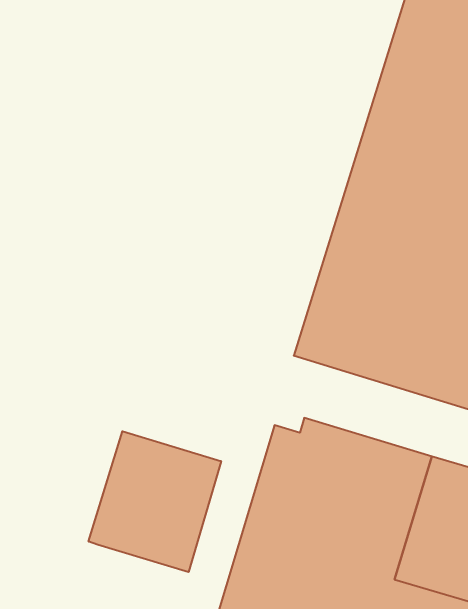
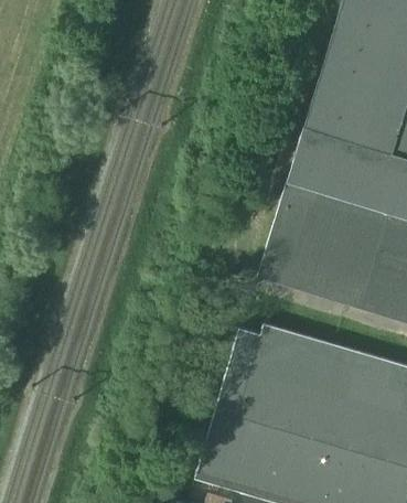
building: [89,431,221,572] -> none

